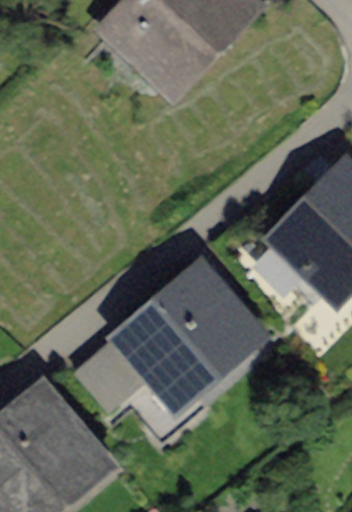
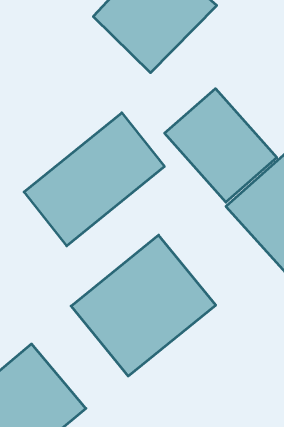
building: none -> [165,89,277,202]
building: none -> [24,113,164,246]

